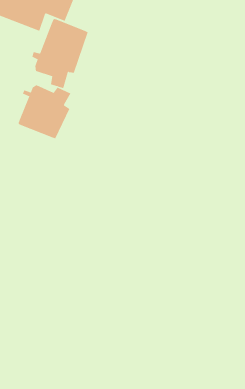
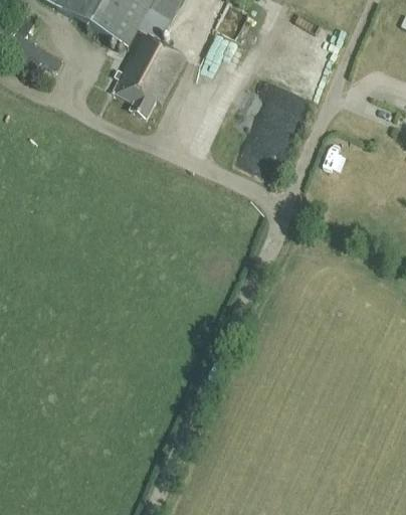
building: [18,84,71,139] -> none

